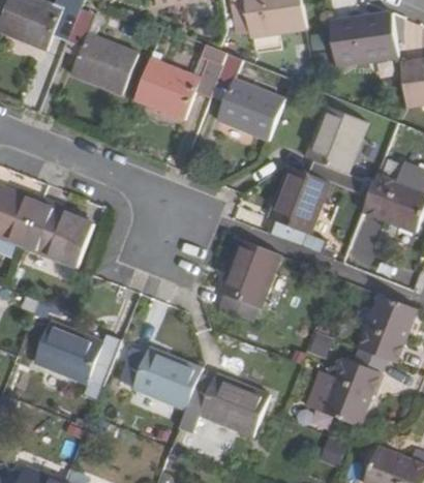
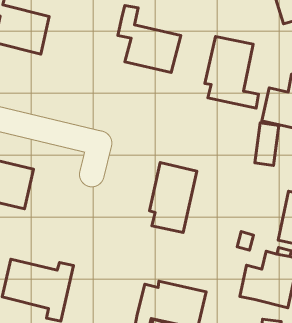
building: [134,58,222,120] -> none
building: [269,169,329,256] -> none
building: [121,348,202,409] -> none

